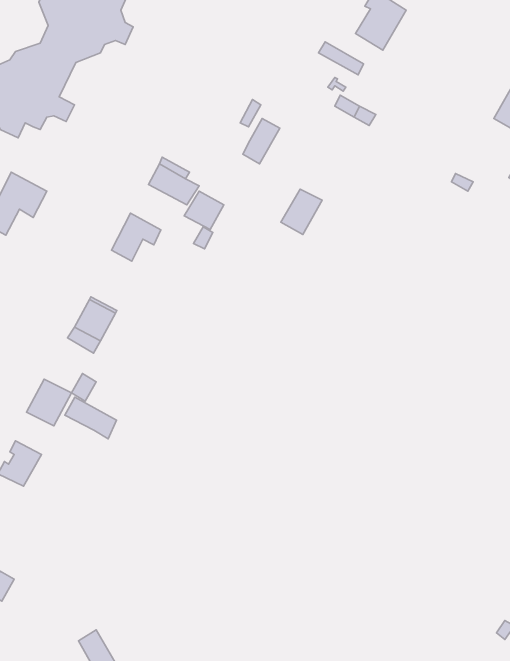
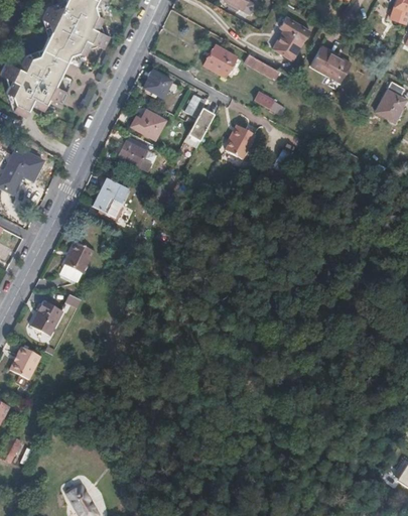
building: none -> [205,45,237,76]
building: none -> [310,48,349,82]
building: none -> [145,72,173,99]
building: [281,189,322,234] -> [229,119,259,152]
building: [184,191,224,230] -> [137,112,166,140]
building: [65,397,116,439] -> none

